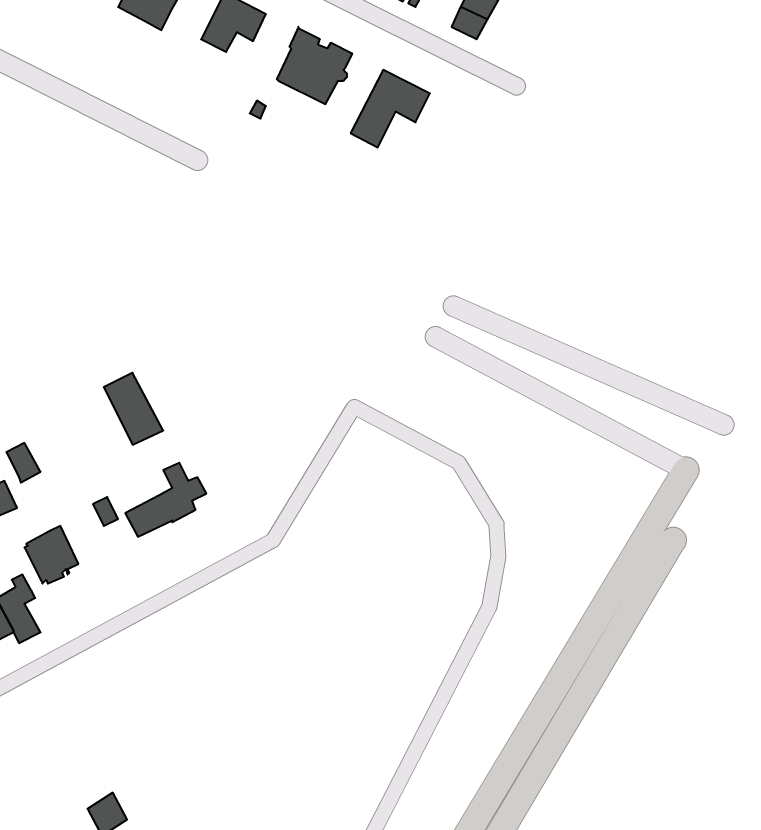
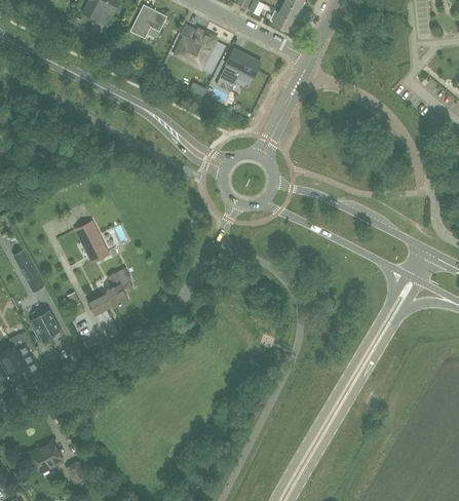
building: none -> [31,440,63,472]

